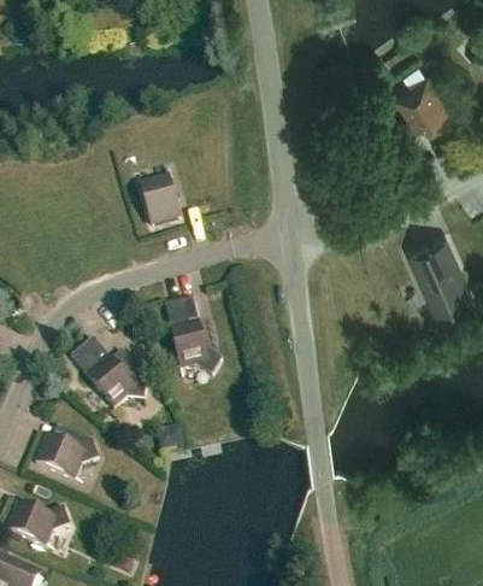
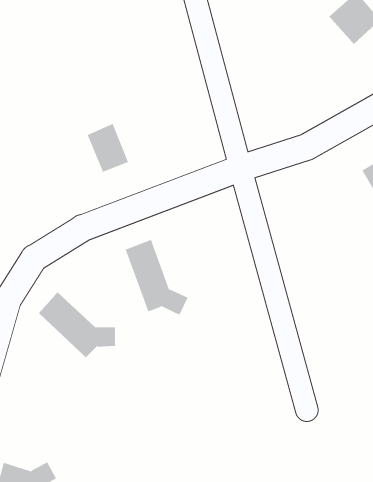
building: [35,434,99,477] -> none

